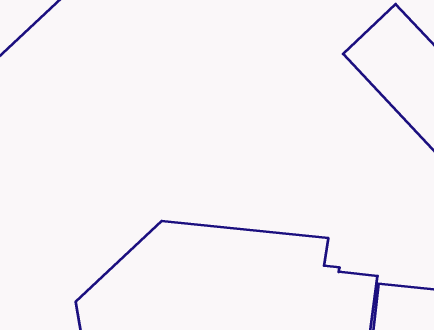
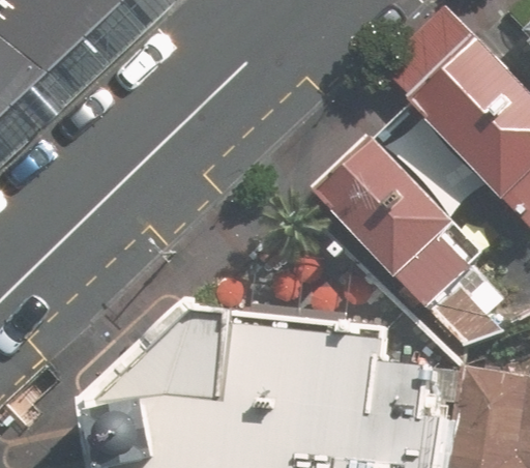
building: none -> [312,138,489,341]

